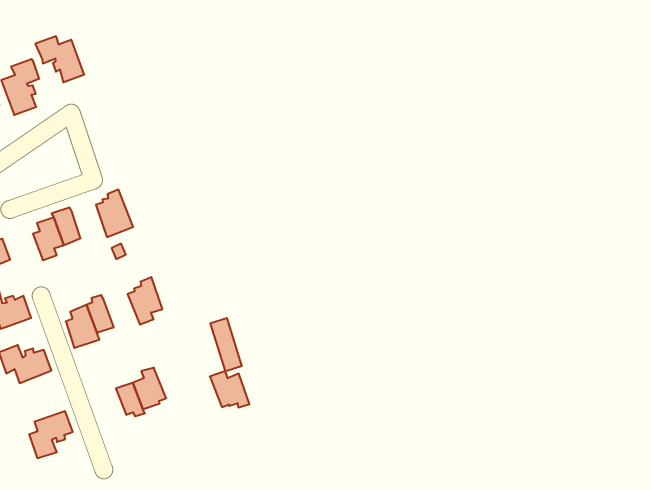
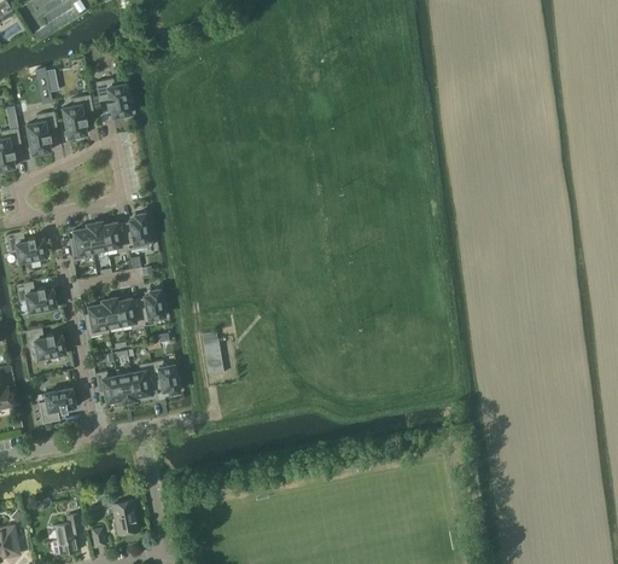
building: none -> [104,221,129,252]
building: none -> [118,298,145,328]
building: [210,371,249,407] -> [151,361,180,393]
building: none -> [95,371,122,402]

